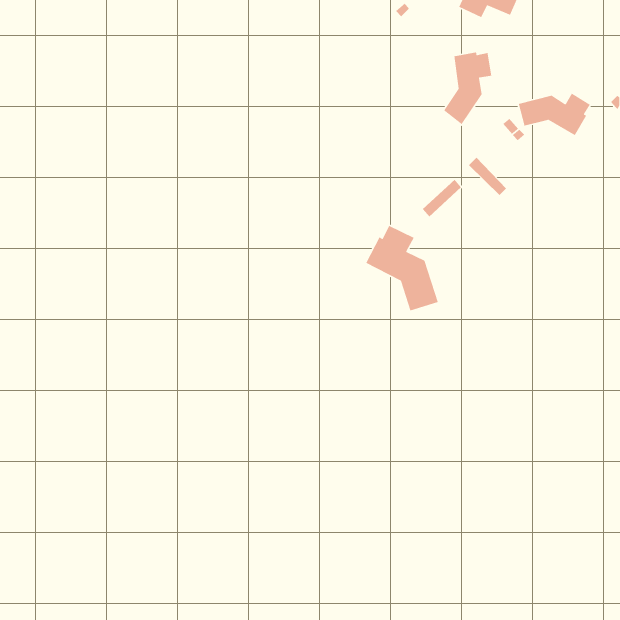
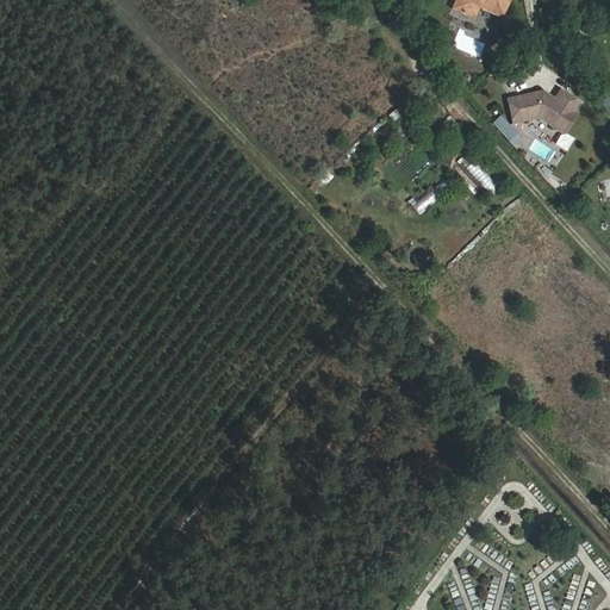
building: [443,52,492,125] -> none
building: [365,225,439,311] -> none

